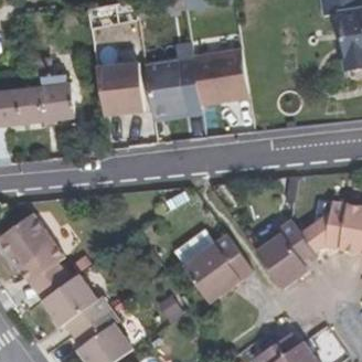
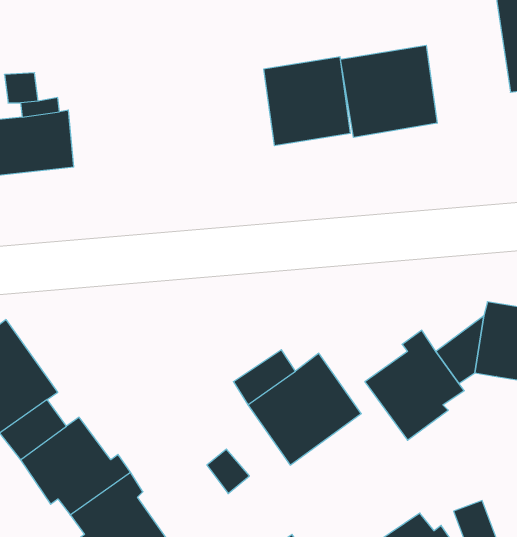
building: none -> [340,45,437,137]
building: [145,62,184,114] -> none
building: [95,63,142,115] -> none

